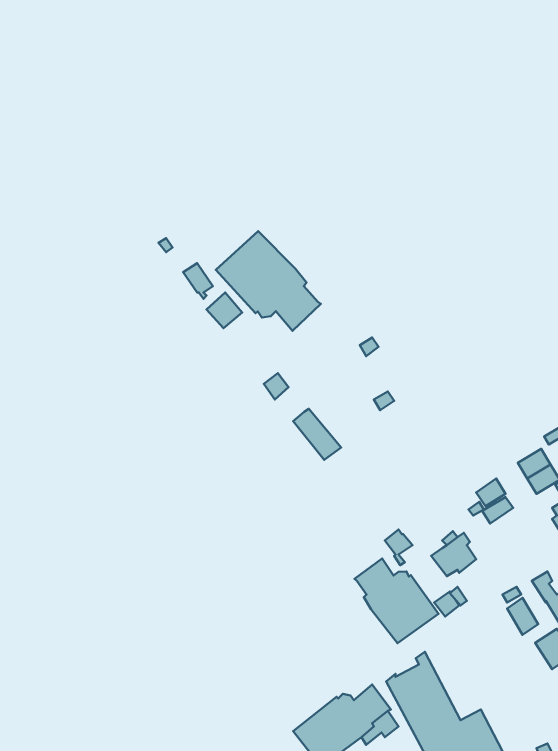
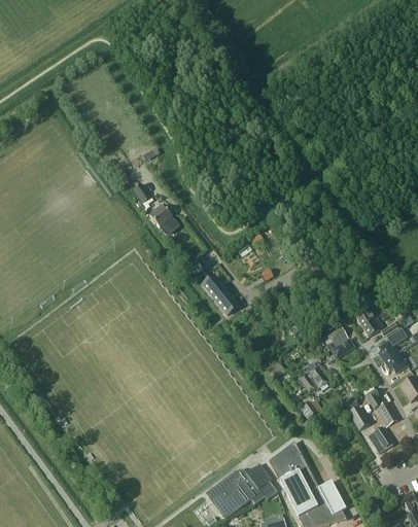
building: [216,231,321,331] -> none
building: [355,558,438,643] -> none

